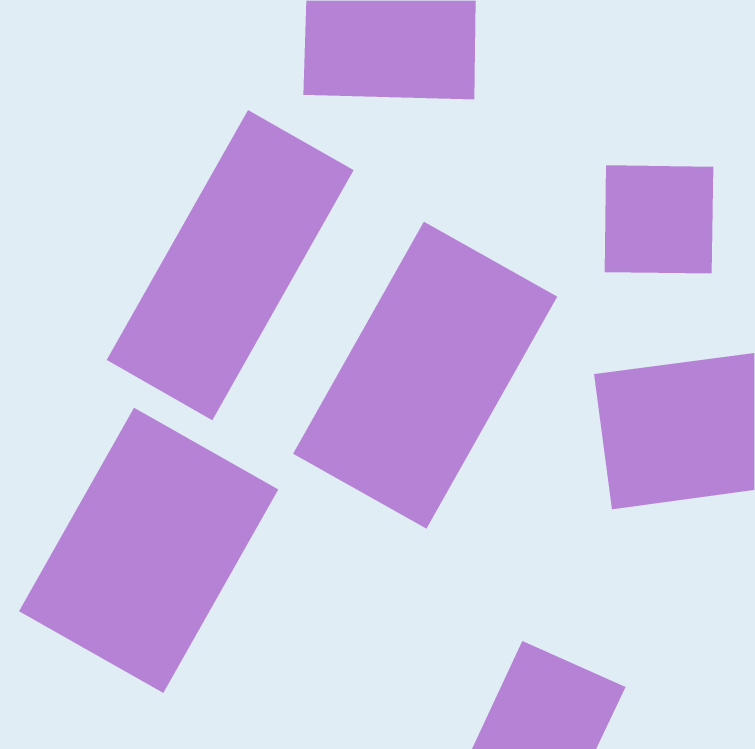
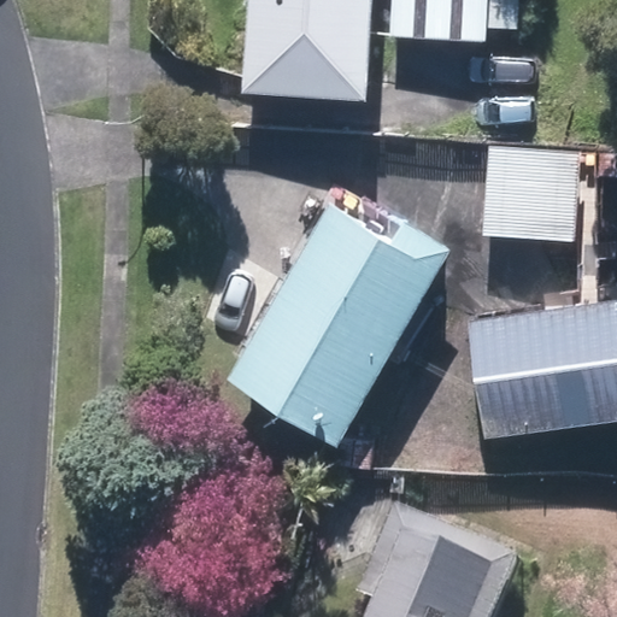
building: [106,109,355,421] -> none
building: [18,407,279,694] -> none

